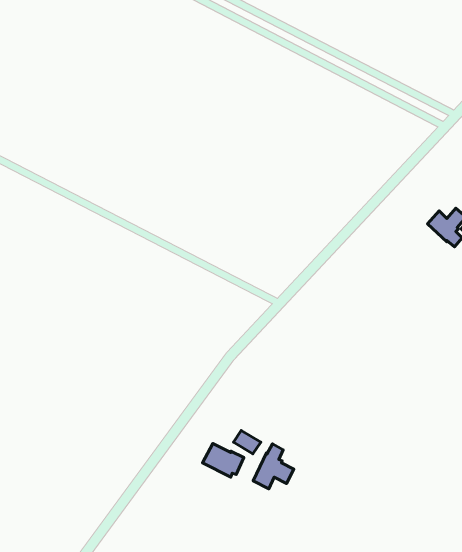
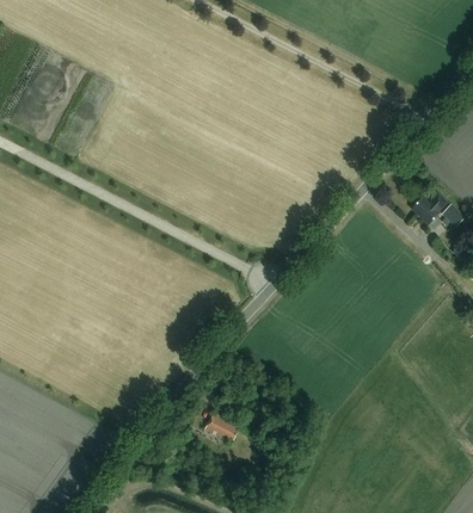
building: [253,444,294,489] -> none

